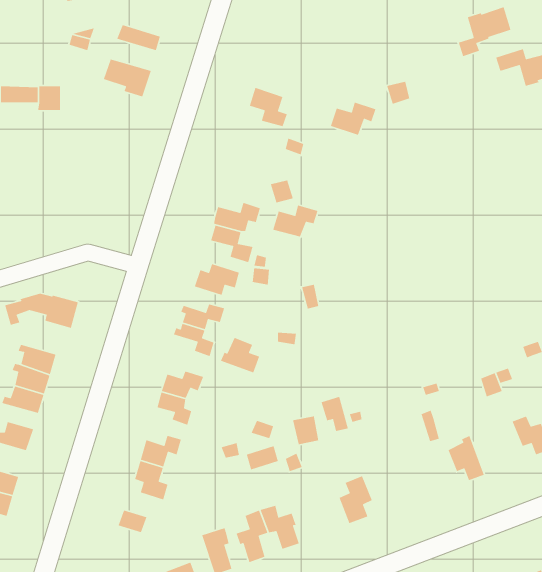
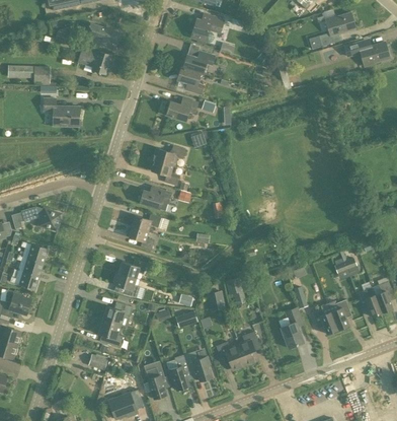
building: none -> [190,16,224,42]
building: [327,101,376,136] -> [181,51,215,74]
building: none -> [43,97,80,127]
building: [272,205,319,237] -> [166,98,197,121]
building: [220,337,260,374] -> none
building: none -> [327,300,351,331]
building: none -> [281,308,303,348]
building: none -> [216,342,245,369]

